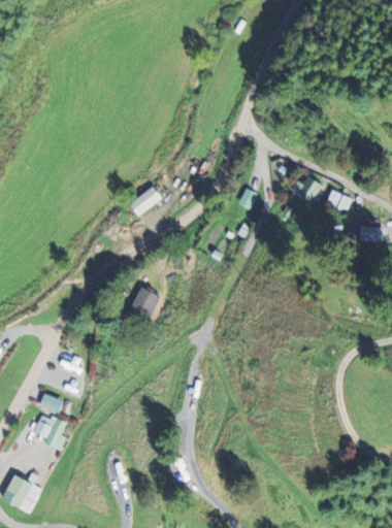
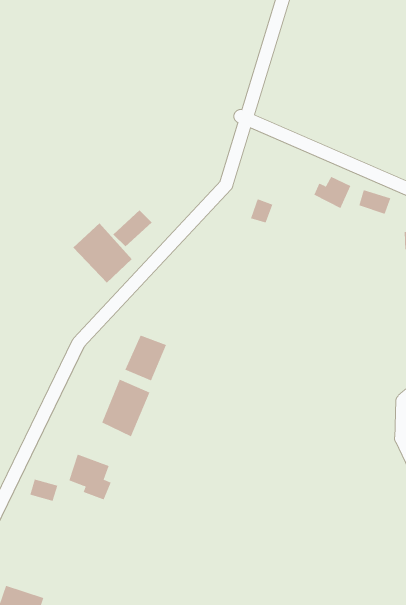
building: none -> [73,223,133,284]
building: none -> [102,379,150,437]
building: [34,411,68,451] -> [69,454,111,500]

